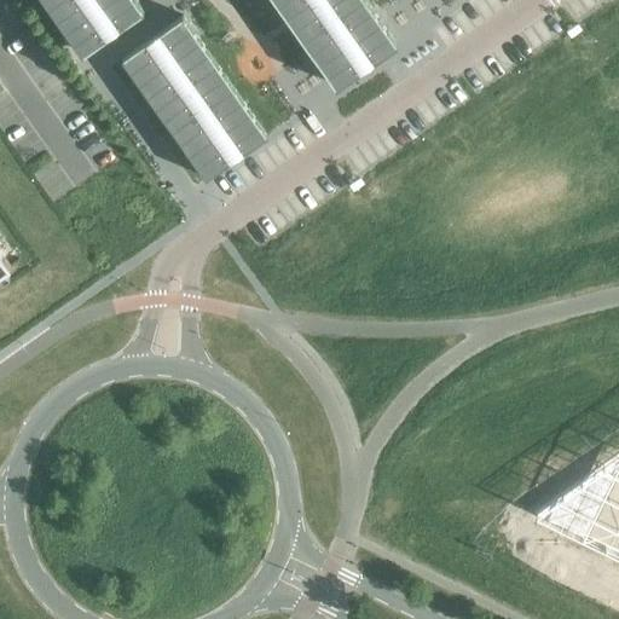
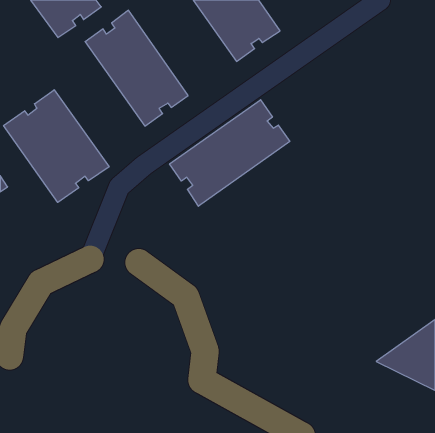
building: none -> [4,90,109,202]
building: none -> [170,100,290,206]

